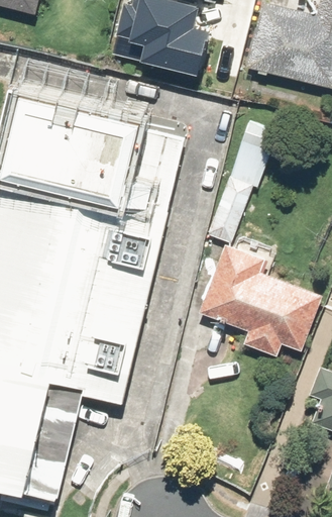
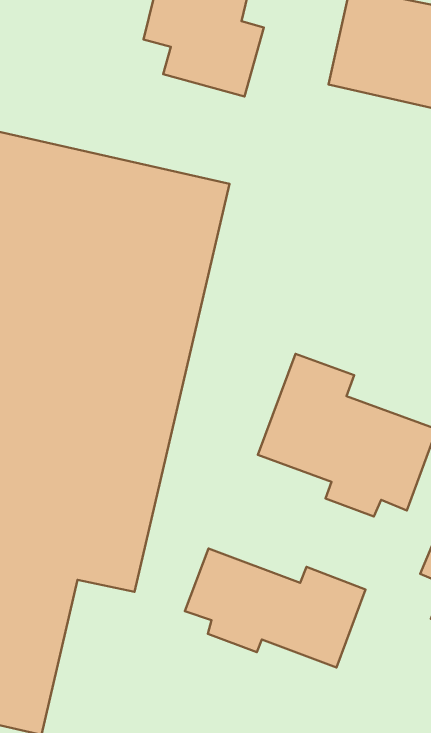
building: [208,120,280,245] -> none
building: none -> [185,548,366,668]

